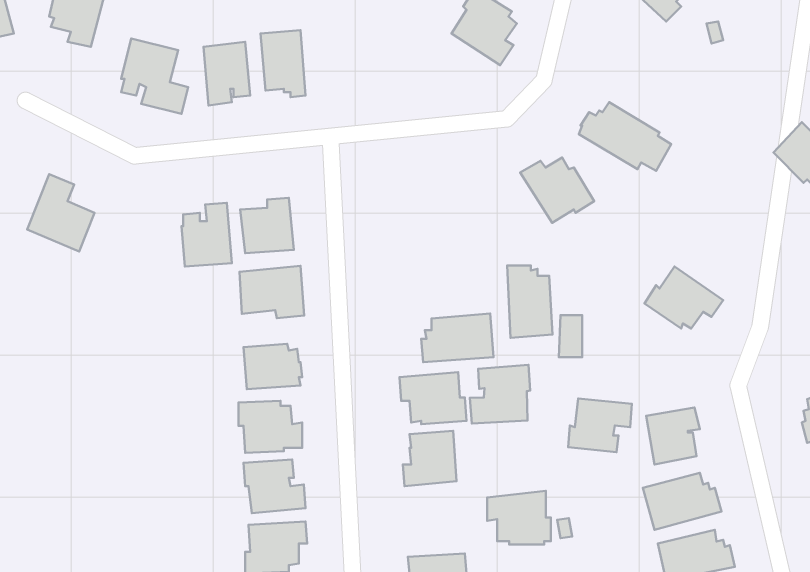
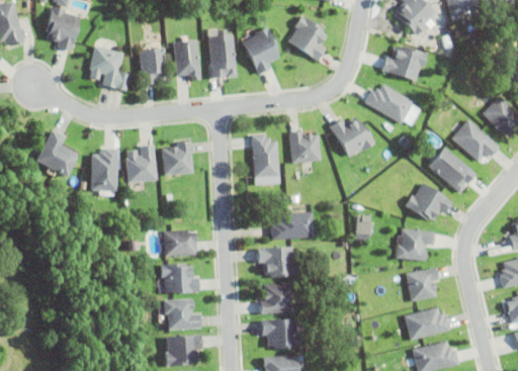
building: none -> [242,27,279,75]
building: none -> [208,34,237,79]
building: none -> [382,45,428,81]
building: none -> [451,119,500,162]
building: none -> [289,131,321,164]
building: none -> [85,145,114,188]
building: none -> [428,147,477,193]
building: [507,266,552,338] -> [252,135,279,179]
building: [240,266,304,318] -> none
building: [470,365,530,423] -> none
building: [568,399,632,452] -> [396,228,434,261]
building: [487,491,551,544] -> [261,318,299,351]

